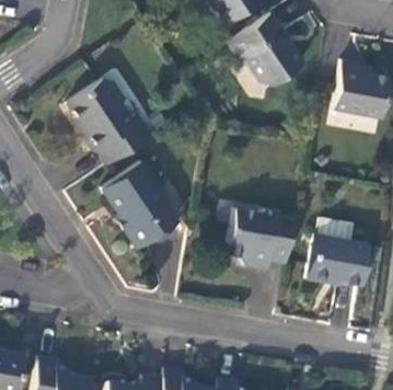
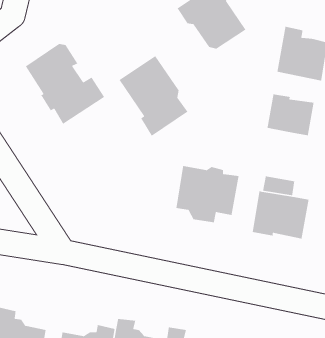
building: none -> [266,93,315,136]
building: [102,160,176,246] -> [119,55,189,137]

